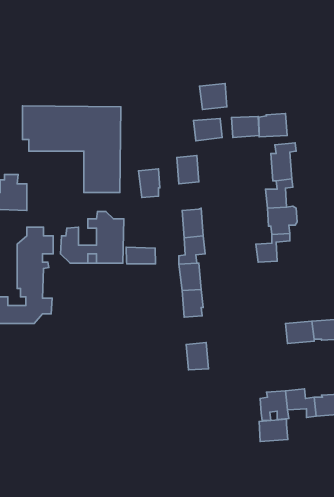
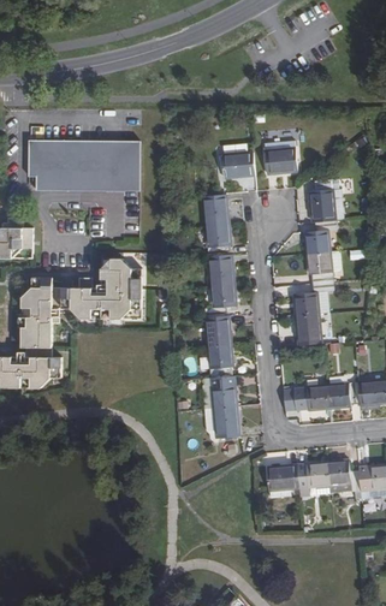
building: [200,84,227,109] -> none
building: [259,113,287,137] -> none
building: [139,169,160,197] -> [206,225,230,257]
building: [126,247,156,264] -> none
building: none -> [296,315,321,346]
building: none -> [212,378,237,410]
building: none -> [297,386,329,411]
building: [259,419,288,441] -> [267,465,299,491]

